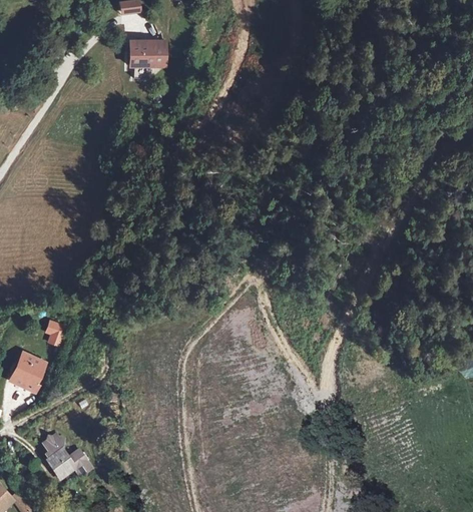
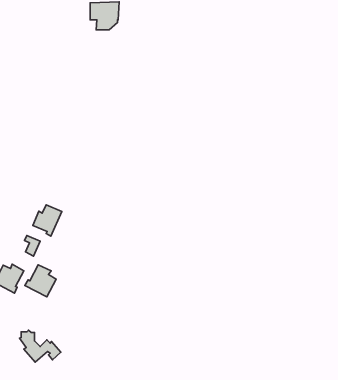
building: none -> [33,205,62,236]
building: none -> [25,265,56,297]

